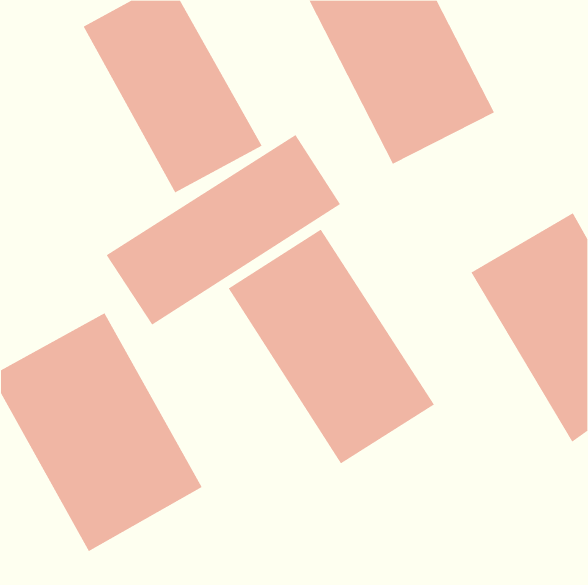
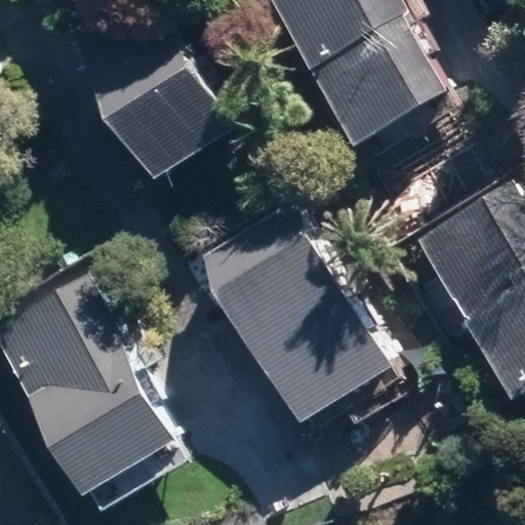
building: [106,134,341,326] -> none

